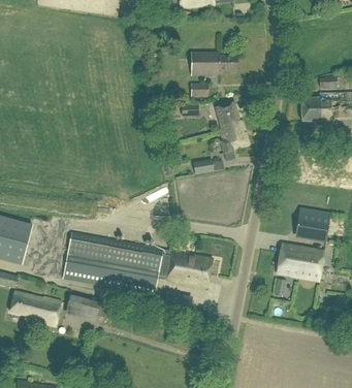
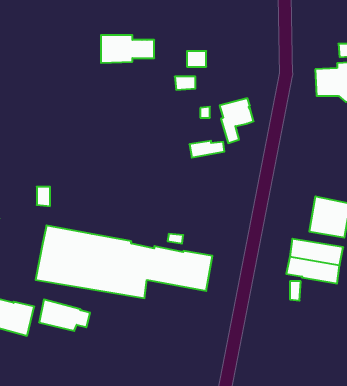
building: [191,52,236,75] -> [101,35,154,63]
building: [215,102,243,129] -> none

